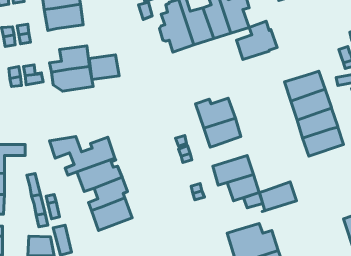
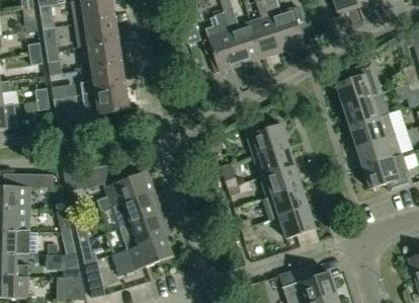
building: [236,21,277,59] -> [335,61,381,103]
building: [89,55,119,79] -> [88,40,121,67]
building: [259,182,297,212] -> [259,164,301,198]

